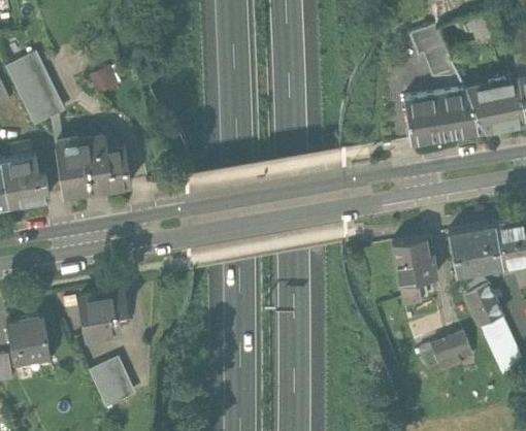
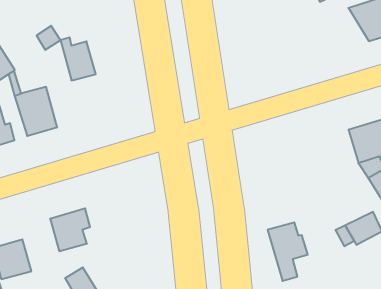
building: [403,89,485,141] -> none
building: [94,135,131,187] -> [61,37,96,80]
building: [392,236,436,304] -> [268,222,308,281]

